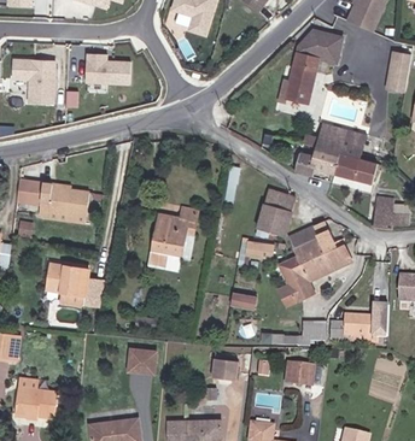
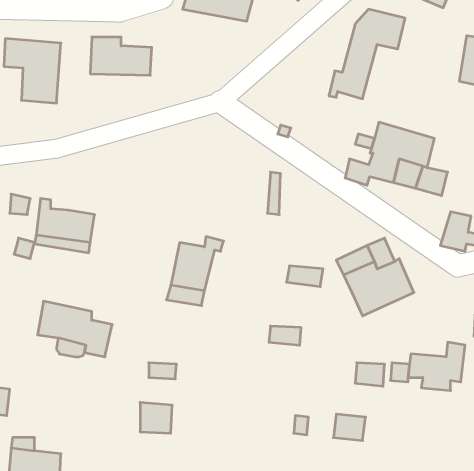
building: [255,187,292,236] -> none
building: [282,261,315,302] -> none
building: [211,353,244,375] -> none

